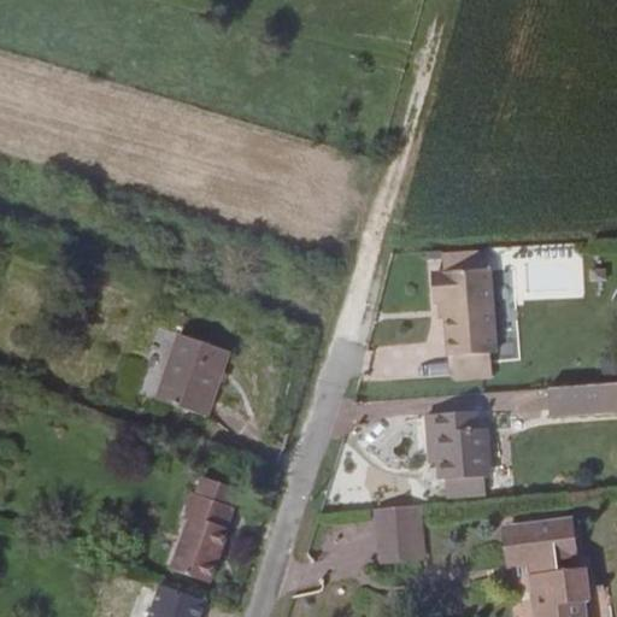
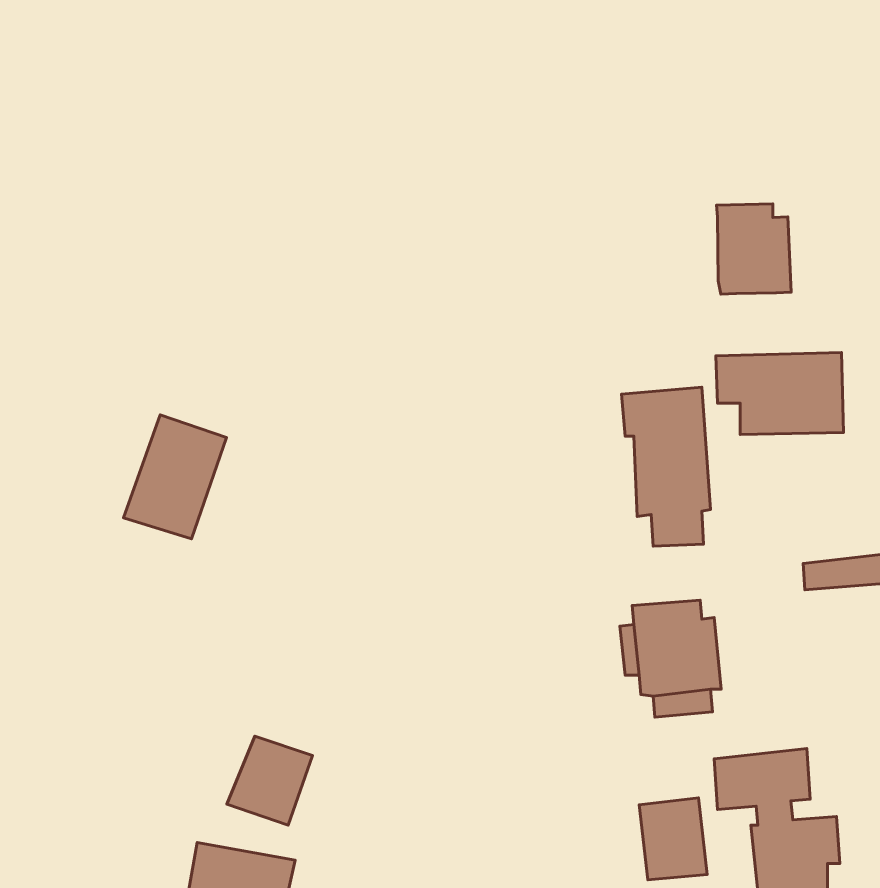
building: none -> [716,204,791,294]
building: [152,328,223,413] -> [124,415,227,539]
building: [178,476,235,524] -> none
building: [376,512,423,569] -> [639,798,707,880]

